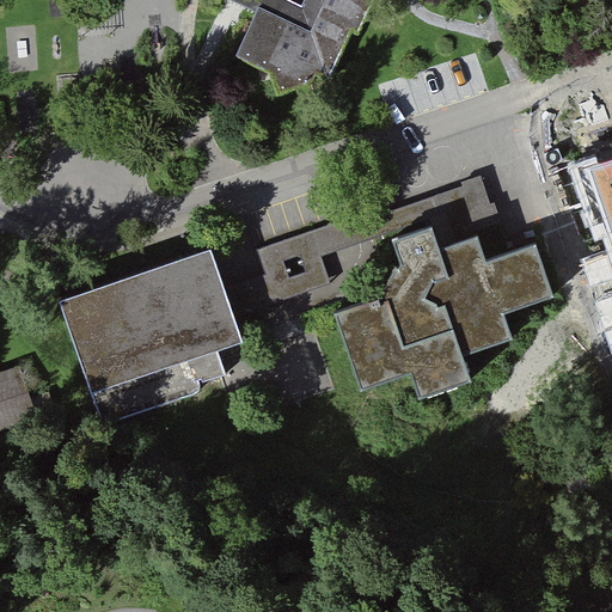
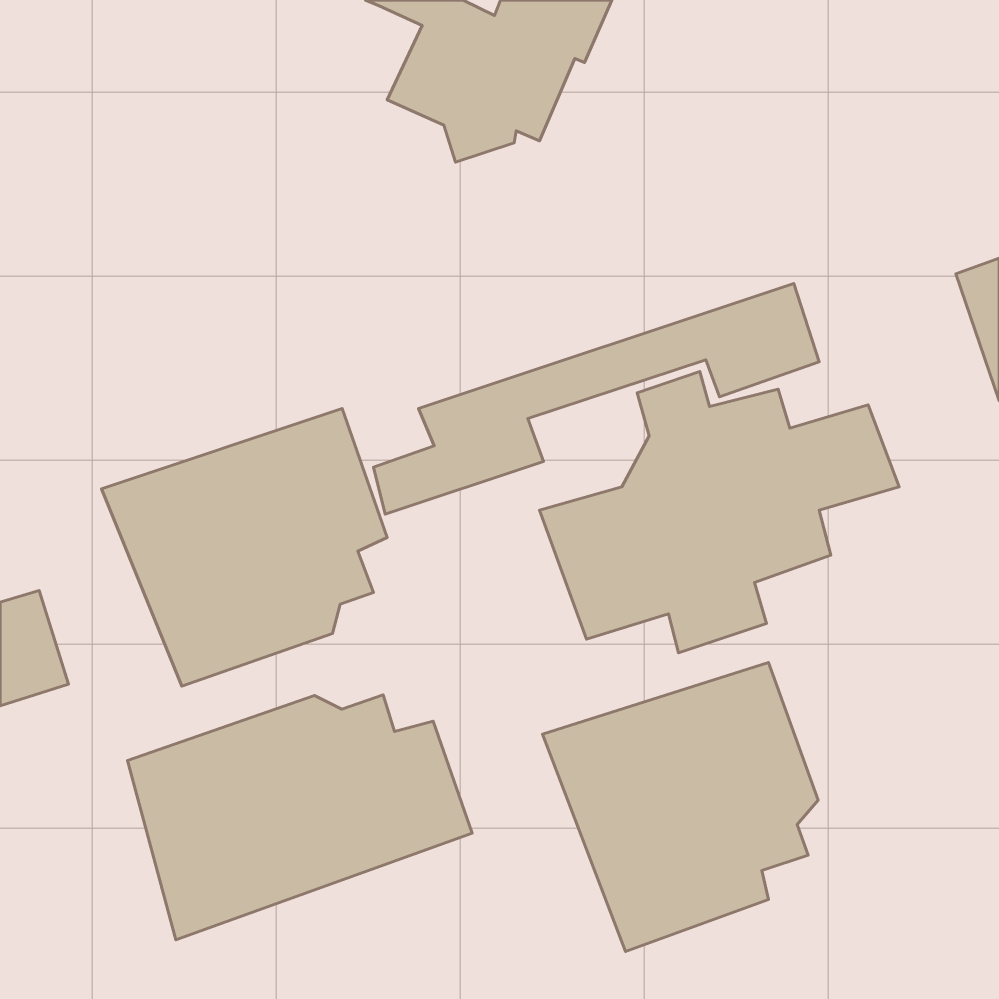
building: none -> [543,663,818,952]
building: none -> [127,695,472,940]

